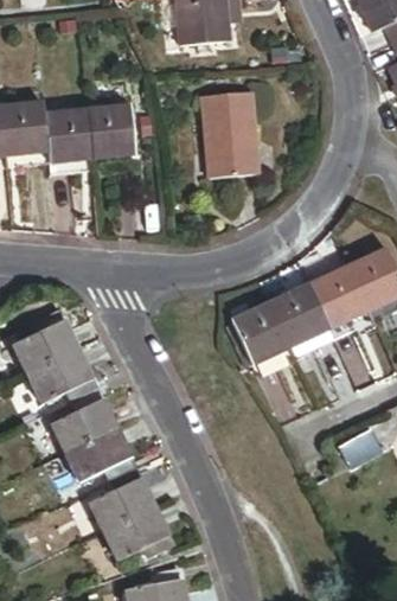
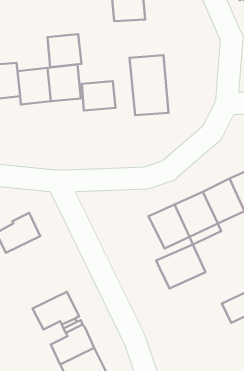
building: none -> [48,34,81,67]
building: none -> [82,81,115,111]
building: [27,349,92,402] -> none
building: none -> [156,244,205,289]
building: [52,395,114,452] -> none

